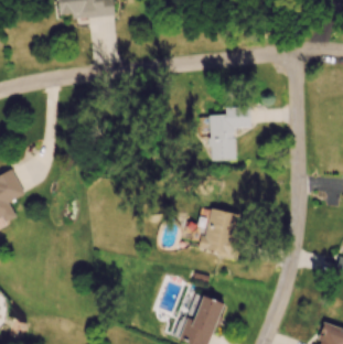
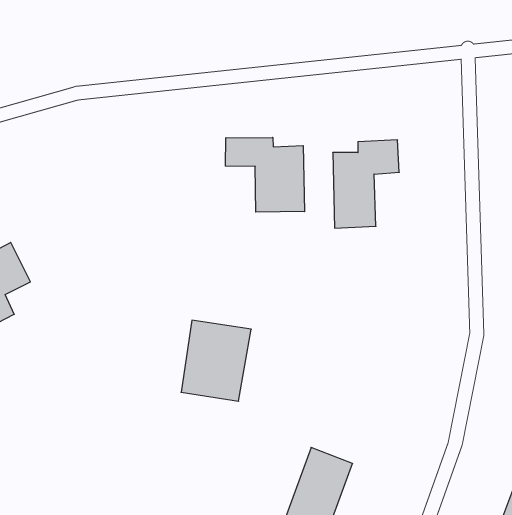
building: none -> [225,137,305,212]
building: [201,208,244,258] -> [181,320,251,401]

